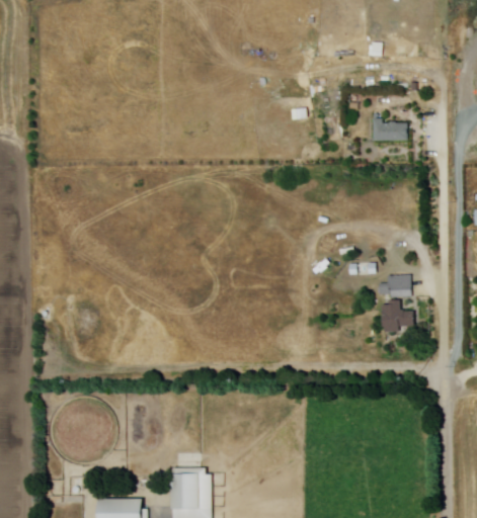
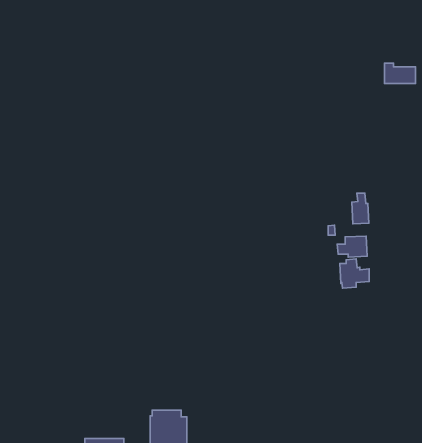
building: [373,120,407,143] -> [385,63,416,83]
building: none -> [352,193,369,224]

